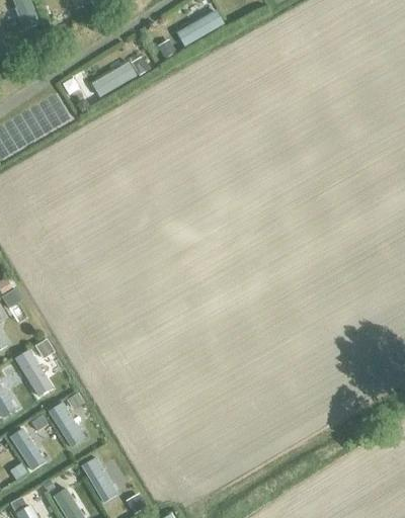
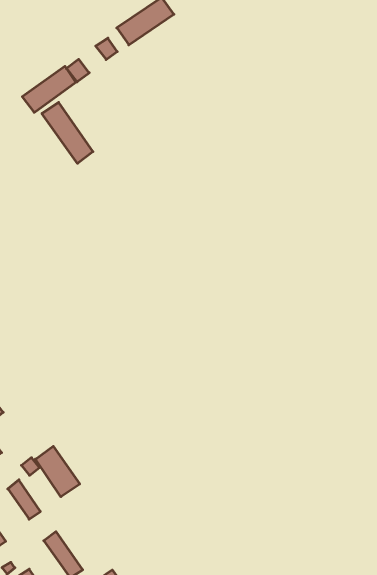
building: none -> [42,102,93,163]
building: none -> [35,446,80,497]

